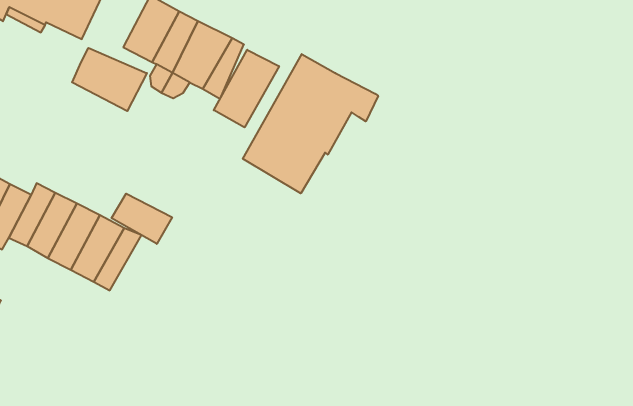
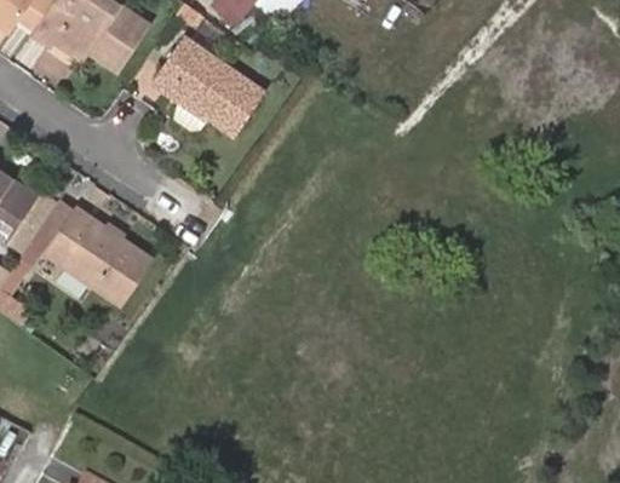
building: [72,48,147,111] -> none
building: [214,50,279,127] -> none
building: [243,54,378,193] -> none
building: [112,194,172,244] -> none

